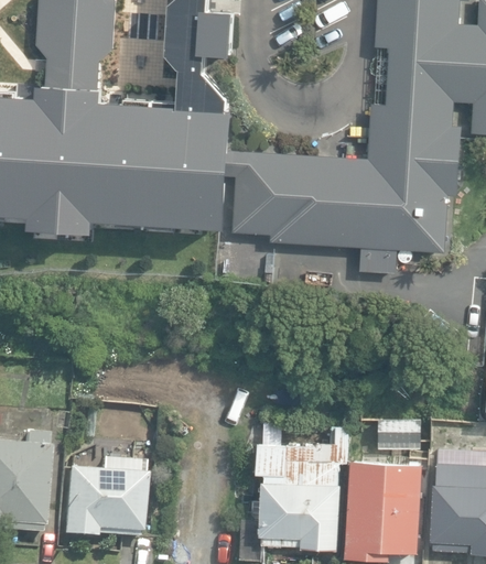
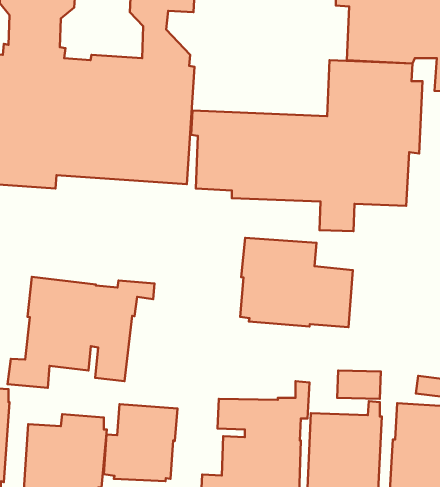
building: none -> [240,238,353,327]
building: none -> [8,277,154,388]
building: none -> [104,404,177,481]

